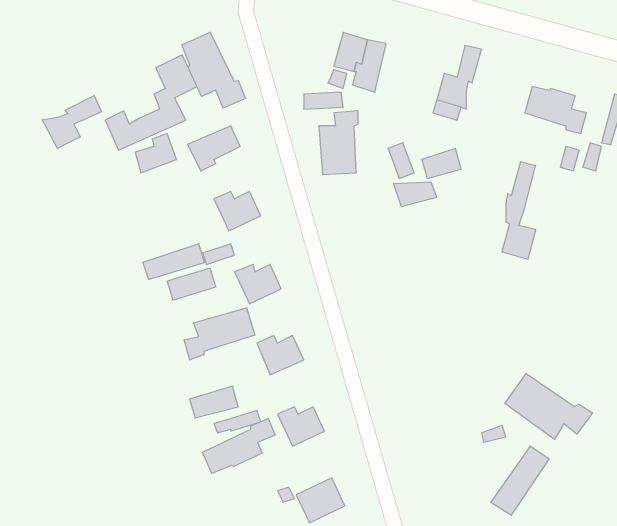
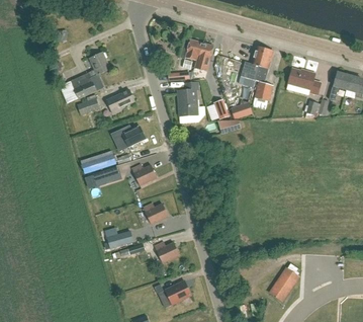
building: [182,32,245,108] -> none
building: [42,95,102,148] -> none
building: [502,162,536,259] -> [255,49,273,101]
building: [184,308,255,360] -> none
building: [505,373,593,439] -> none
building: [203,419,275,473] -> none

